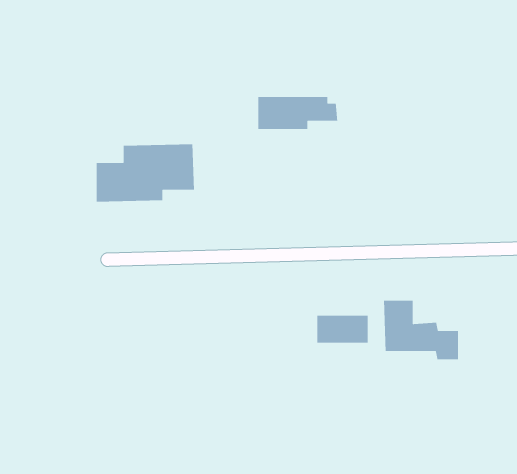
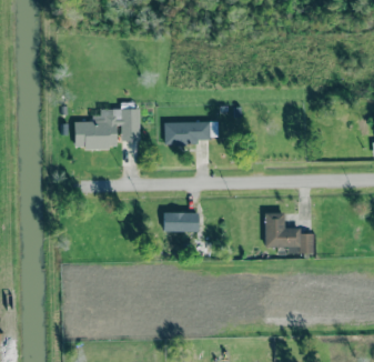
building: [258,96,338,130] -> [165,122,219,144]
building: [316,315,369,344] -> [164,213,199,232]

